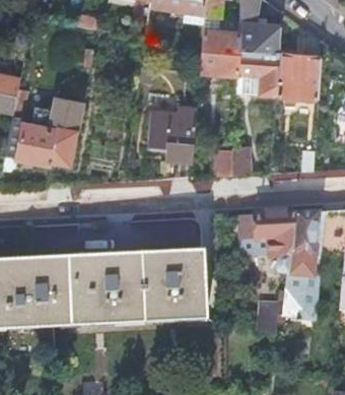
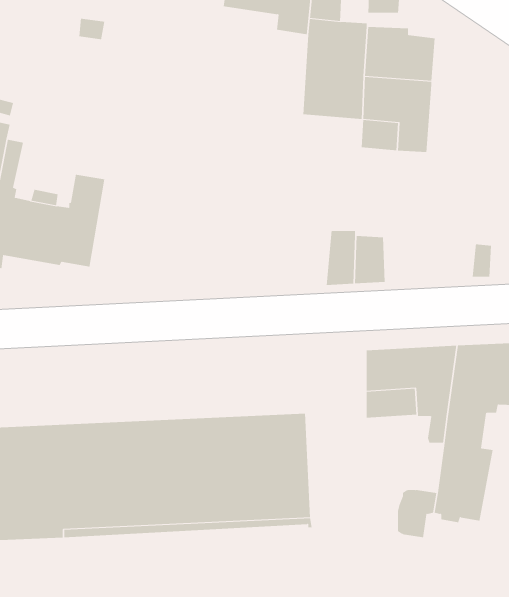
building: [277,53,323,97] -> none
building: [149,104,198,157] -> none

